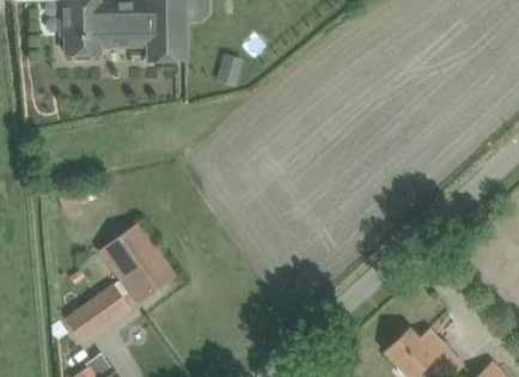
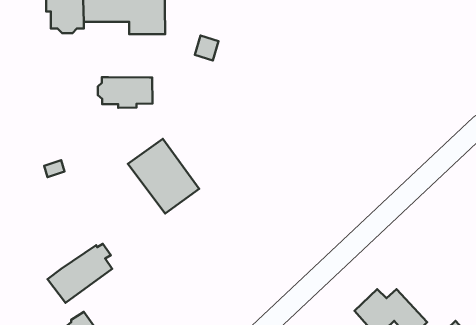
building: none -> [98,77,152,108]
building: [99,224,175,303] -> [128,139,199,214]

